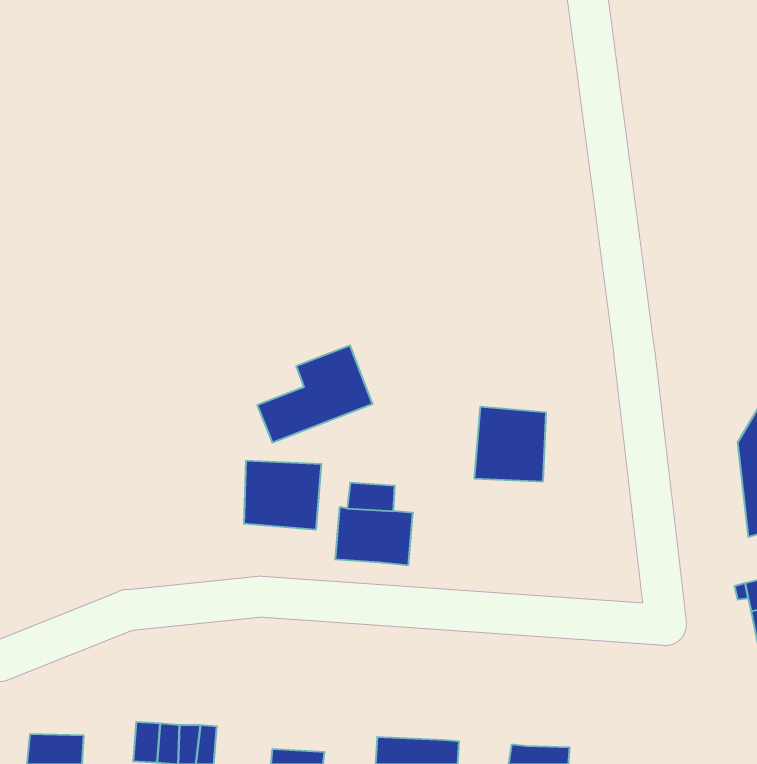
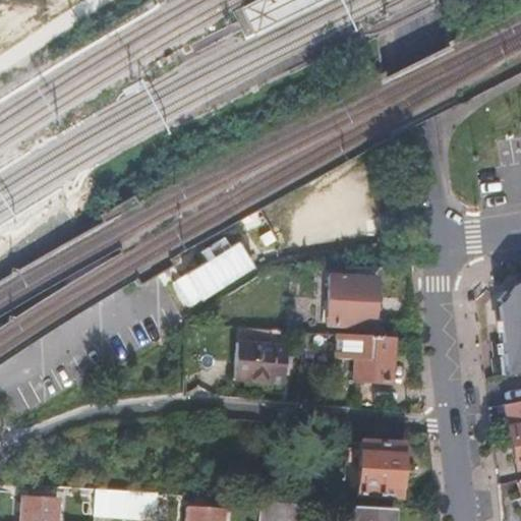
building: [244,461,321,530] -> none
building: none -> [341,335,394,384]
building: none -> [356,442,407,500]

